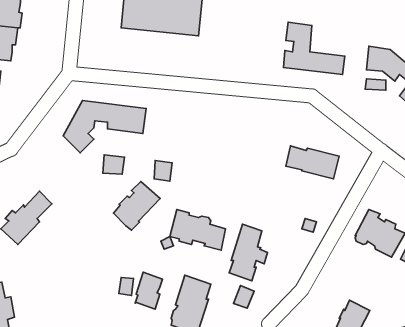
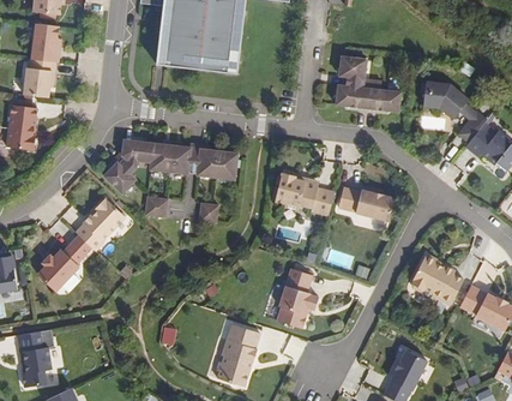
building: none -> [197,148,237,179]
building: [113,181,160,230] -> [78,200,127,252]
building: [170,209,226,250] -> [275,172,333,215]
building: [135,272,163,309] -> none

